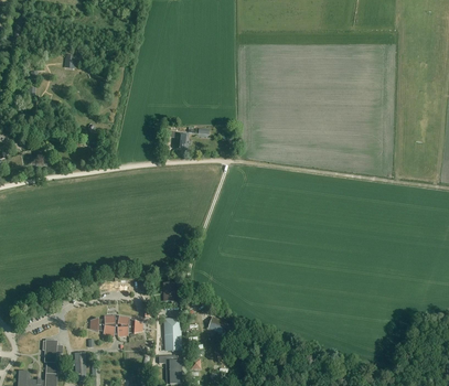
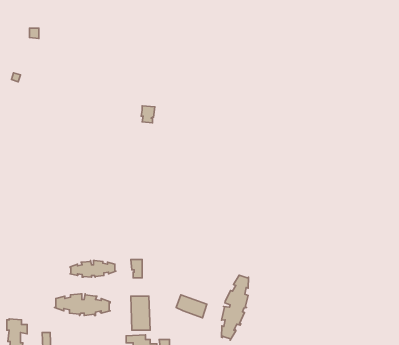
building: none -> [70,261,116,277]
building: none -> [221,275,248,340]

